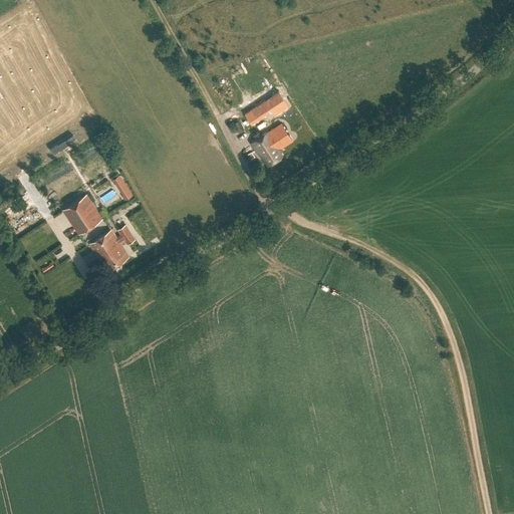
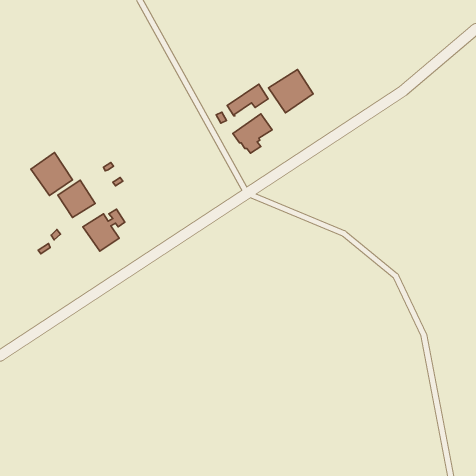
building: none -> [269,69,313,113]
building: none -> [31,153,73,195]

